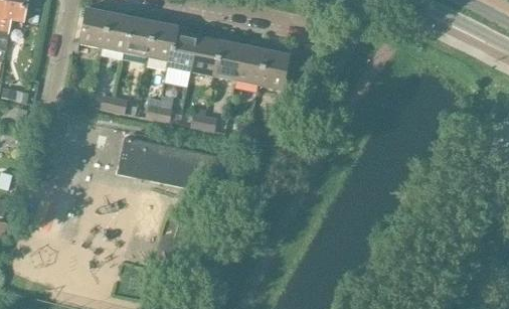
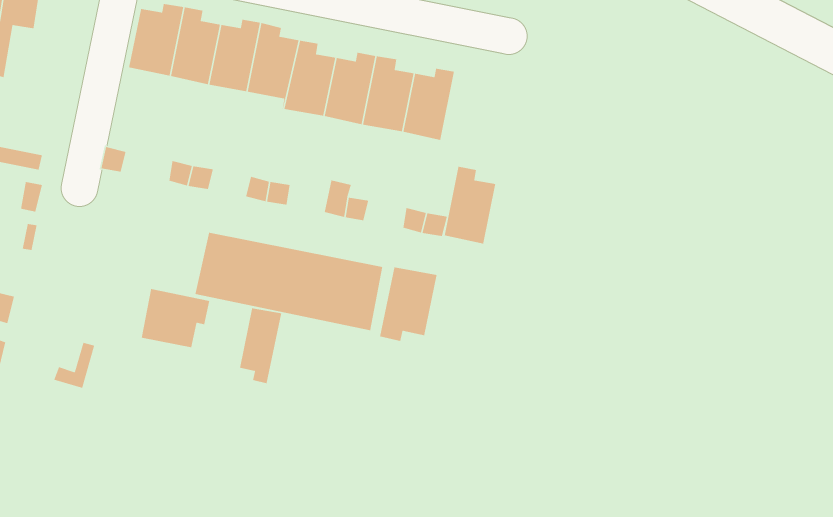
building: [257,44,287,90] -> [444,166,496,245]
building: none -> [379,266,438,342]
building: none -> [141,288,210,348]
building: none -> [239,307,282,384]

